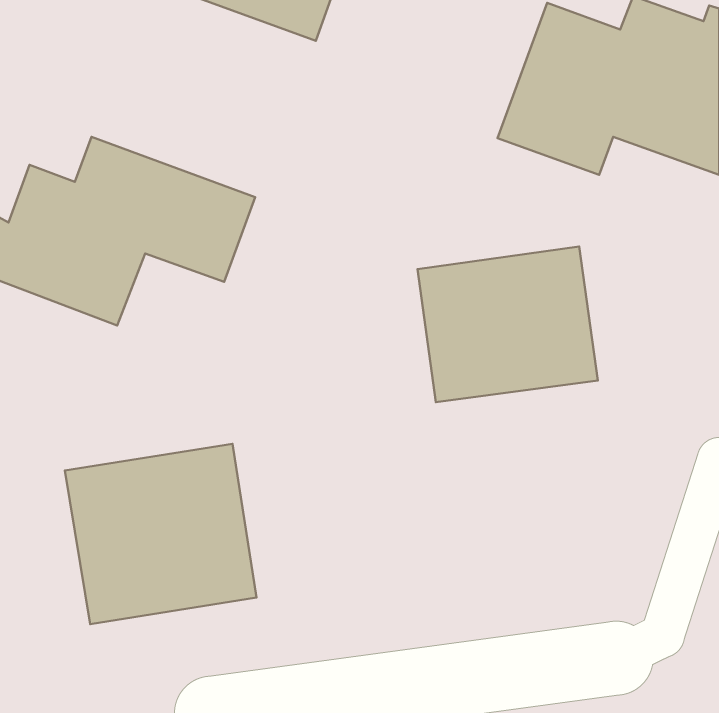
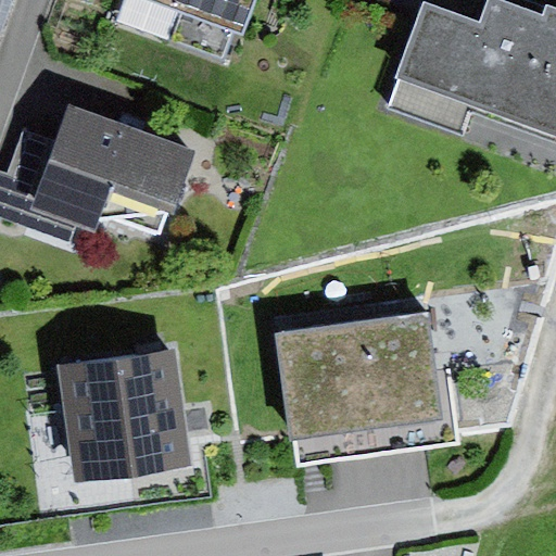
building: [418,246,598,402] -> none
building: none -> [279,314,459,466]

